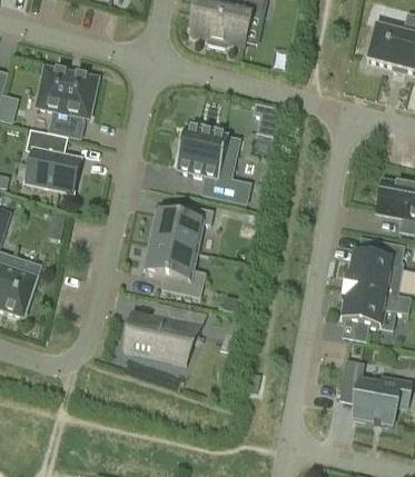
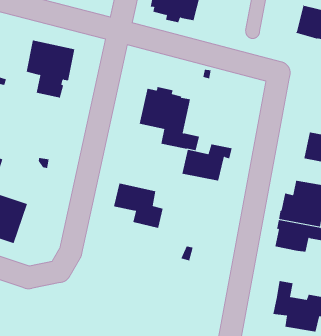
building: [26,130,79,192] -> none
building: [150,205,213,250] -> [182,144,233,181]
building: [127,302,206,361] -> none

